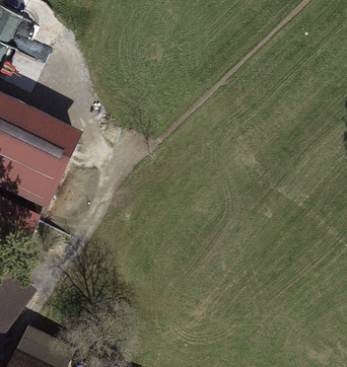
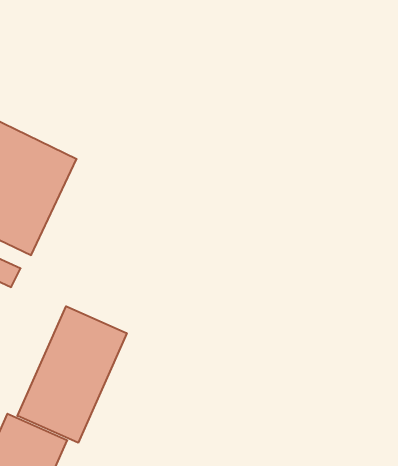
building: none -> [17,306,127,443]

